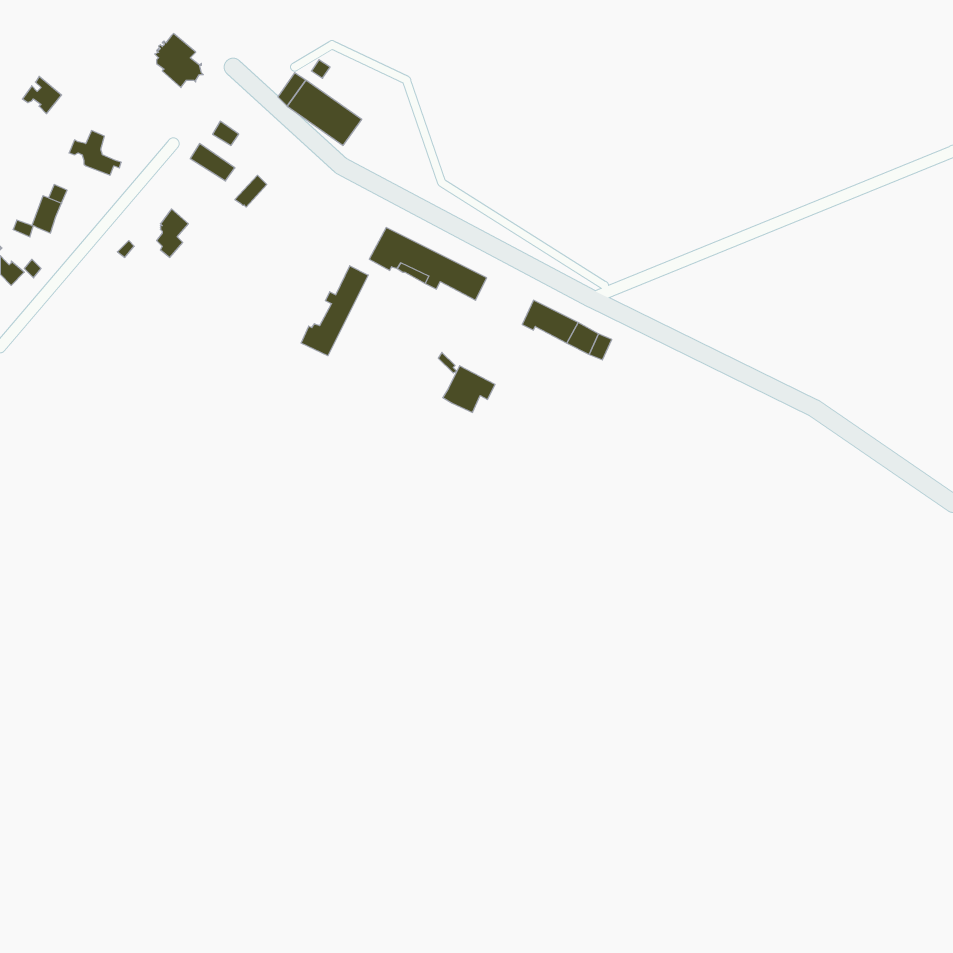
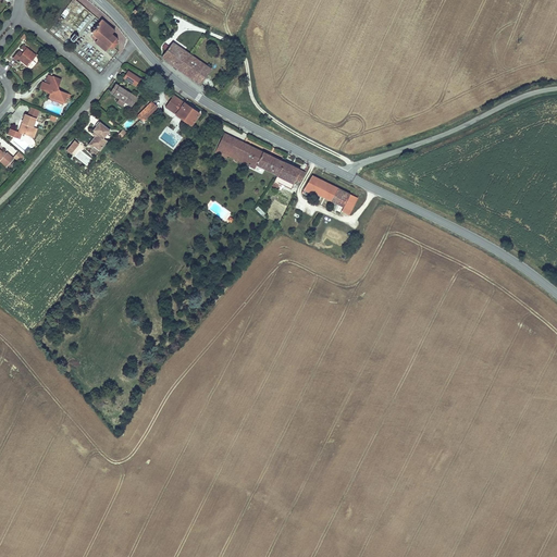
building: none -> [165,95,199,125]
building: [301,266,368,356] -> none
building: [443,366,495,412] -> [274,162,305,189]

